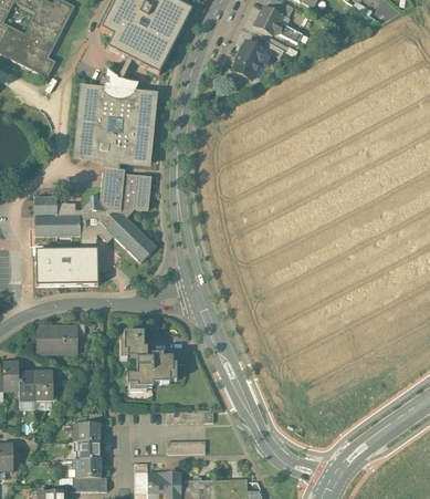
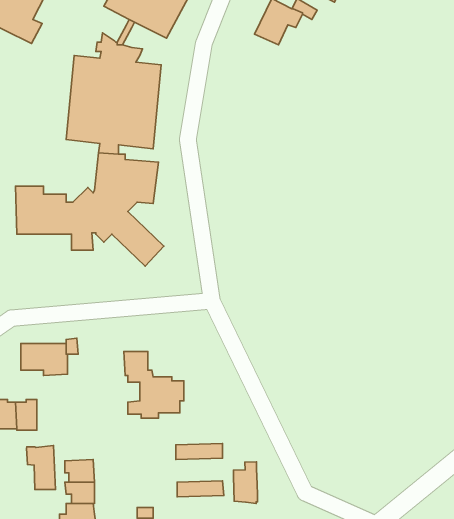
building: [38,249,99,284] -> none
building: none -> [26,446,56,489]
building: none -> [233,462,258,503]

